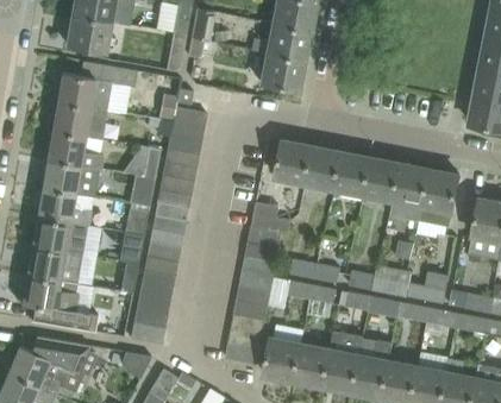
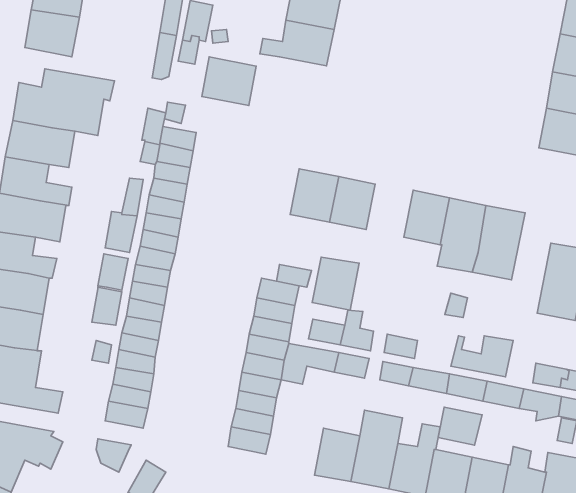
building: [262,52,305,90] -> [202,57,256,106]
building: [336,152,372,194] -> [312,257,359,310]
building: [374,265,408,295] -> [438,407,482,445]
building: [265,338,302,380] -> none

